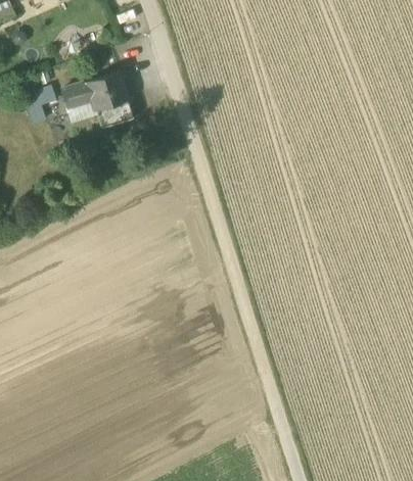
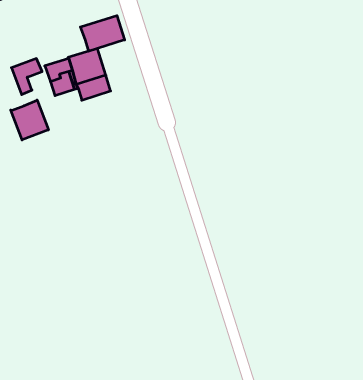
building: none -> [80,16,125,51]
building: none -> [11,100,48,140]

